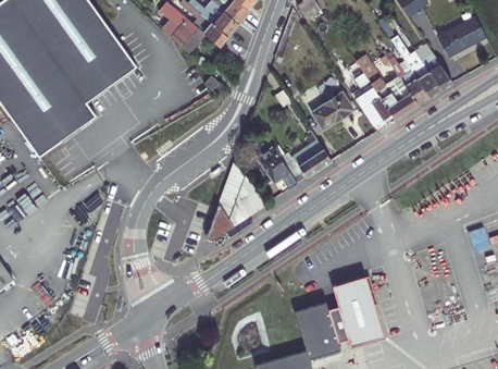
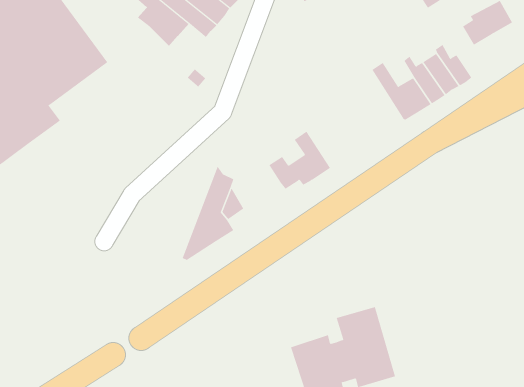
building: [349,88,388,128] -> none
building: [309,91,350,128] -> none
building: [253,146,284,181] -> none

